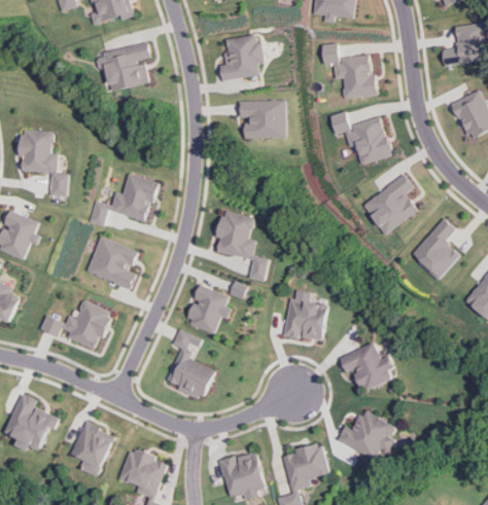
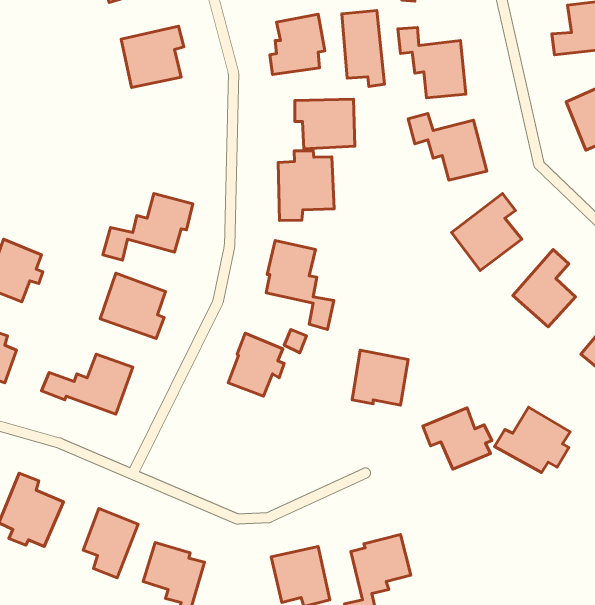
building: none -> [342,10,384,87]
building: [20,129,69,196] -> none
building: none -> [278,151,334,220]
building: [166,329,215,400] -> none
building: [338,408,397,460] -> [495,407,570,472]

